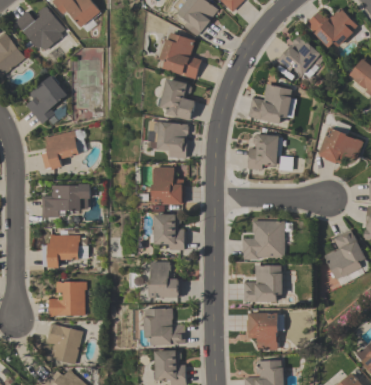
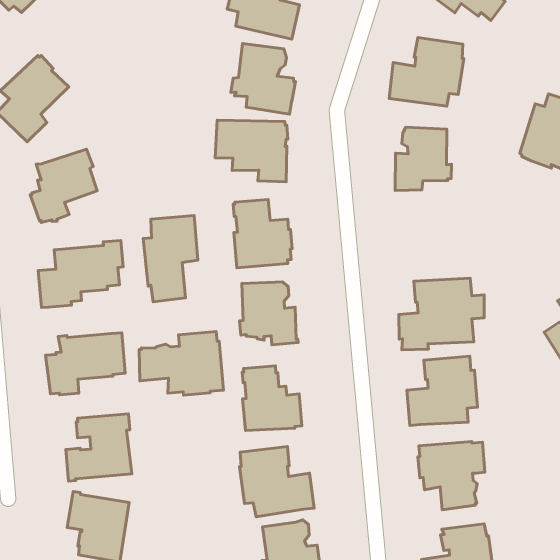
building: none -> [143,216,198,302]
building: none -> [139,331,223,395]

